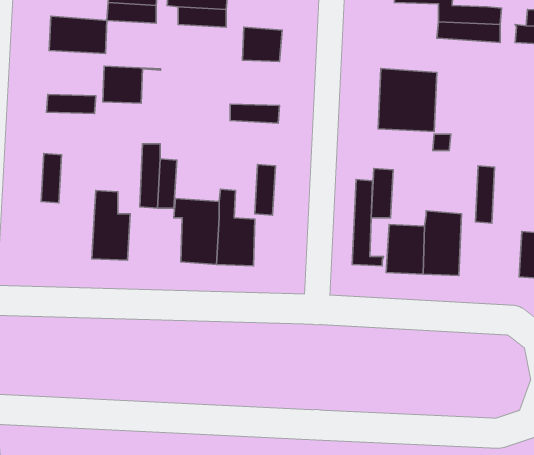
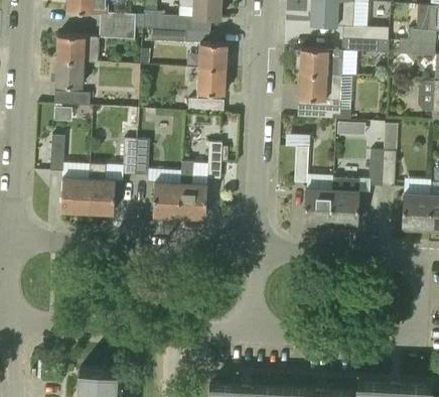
building: none -> [300,48,342,76]
building: none -> [197,67,226,95]
building: [103,66,160,103] -> [55,59,98,87]
building: [352,180,384,266] -> [382,124,405,187]
building: none -> [60,177,90,213]

